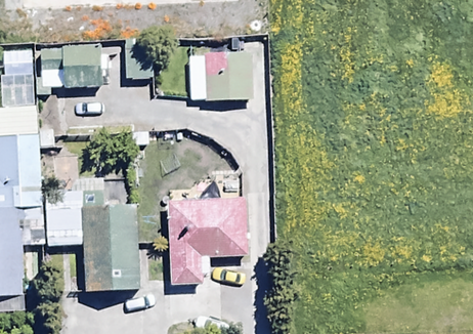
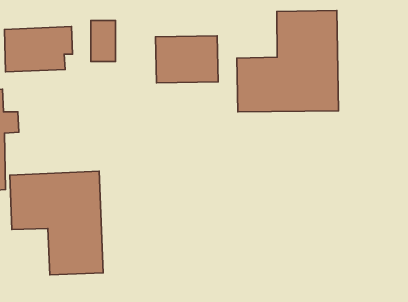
building: none -> [237,10,339,112]
building: [168,197,244,283] -> none

